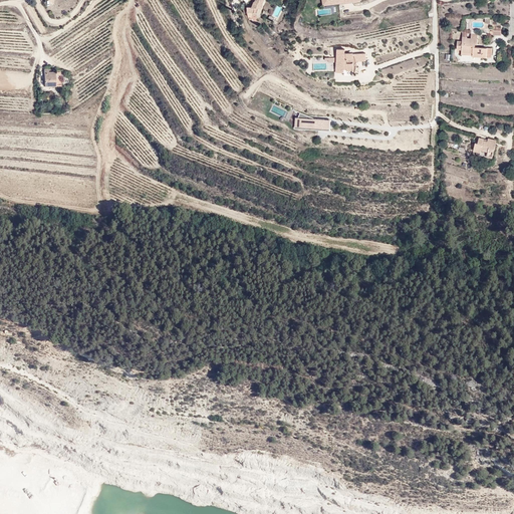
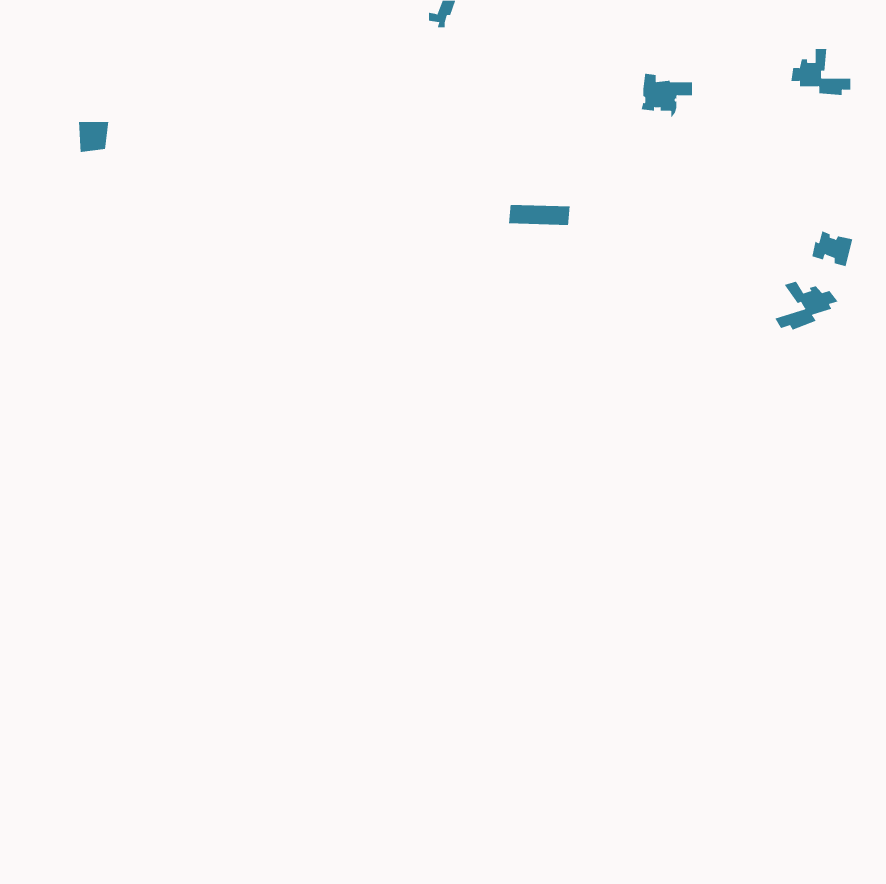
building: [334,49,364,76] -> [641,73,693,120]
building: none -> [774,281,838,331]

